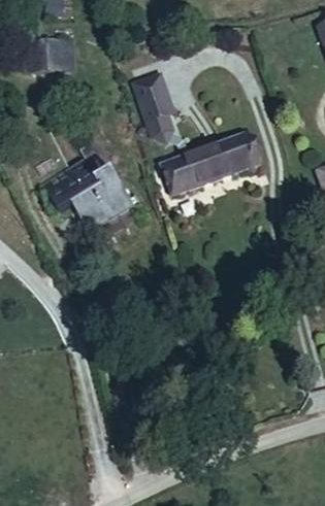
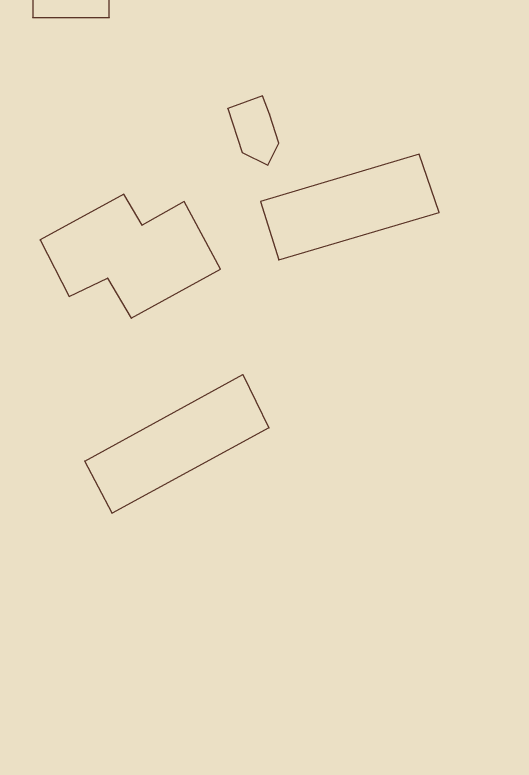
building: [131,71,172,113] -> none
building: none -> [85,375,269,513]

